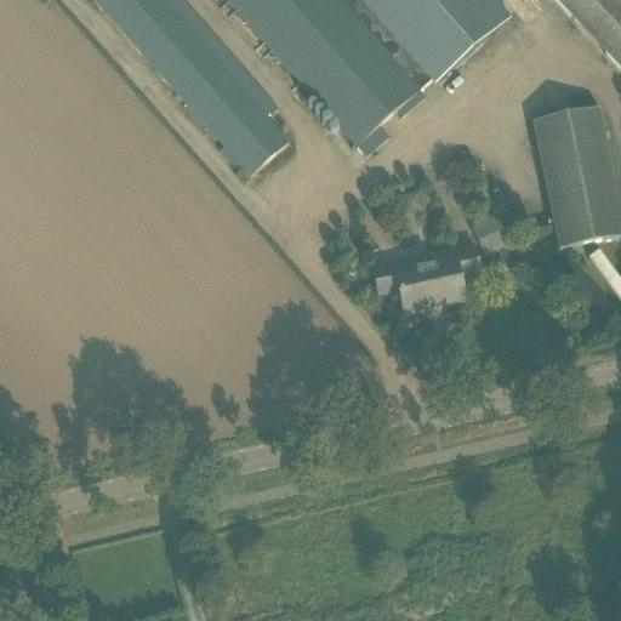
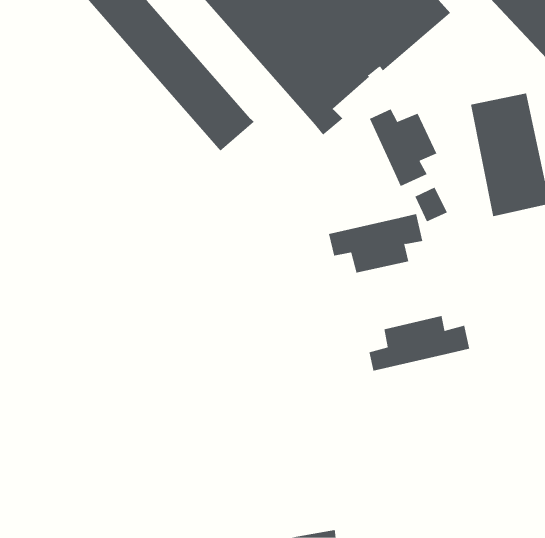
building: none -> [369,108,437,187]
building: none -> [369,315,470,371]

